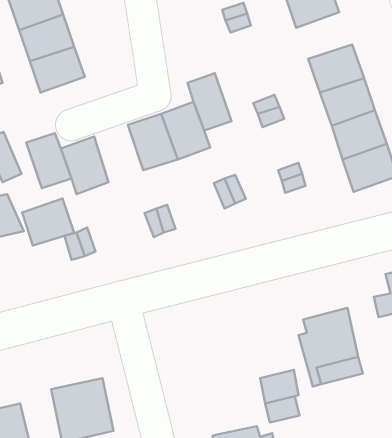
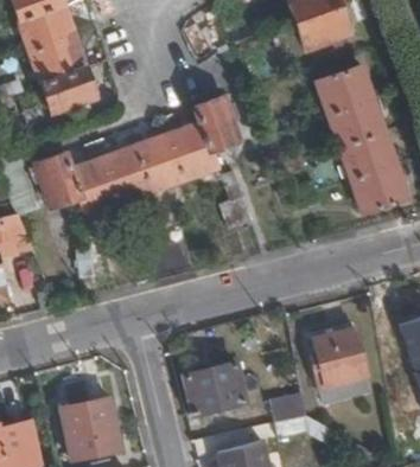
building: none -> [104,145,153,201]
building: [22,199,74,246] -> none
building: none -> [186,363,248,414]

